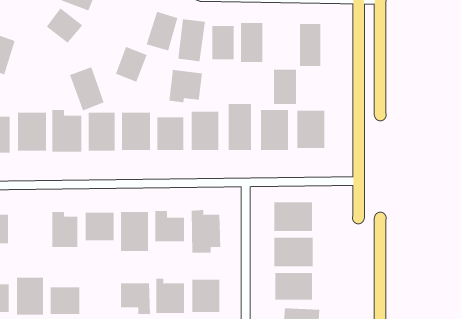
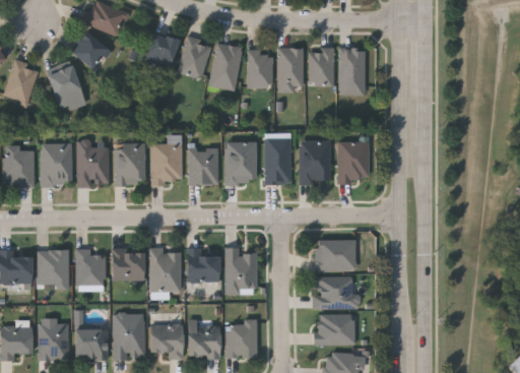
building: [115,46,147,82] -> [144,32,179,70]
building: [69,66,104,111] -> [48,65,85,113]
building: [273,69,297,104] -> [309,48,334,85]
building: [169,69,203,103] -> none
building: none -> [38,250,69,288]
building: none -> [114,313,144,359]

